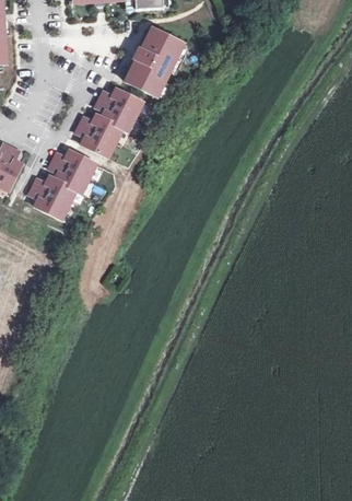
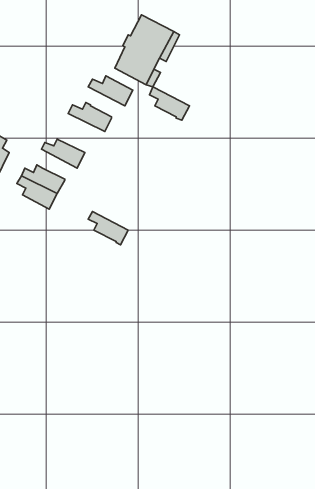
building: [95,97,134,130] -> [149,87,189,120]
building: [75,124,115,155] -> none
building: [48,159,87,191] -> [88,211,128,245]

